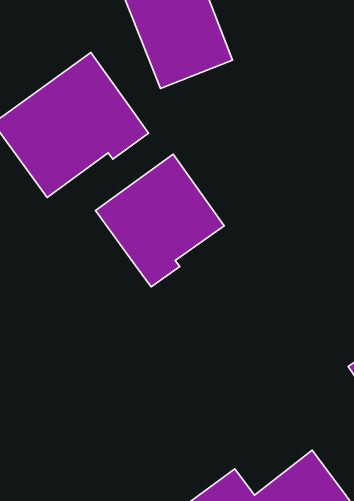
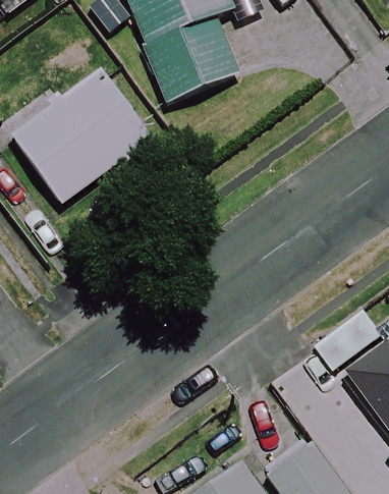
building: [95,154,224,287] -> none

